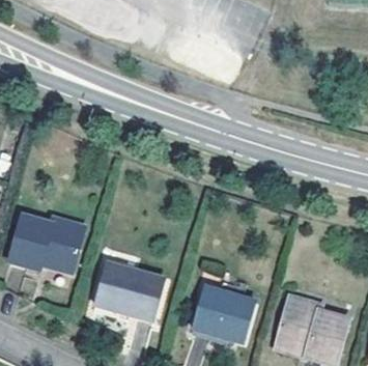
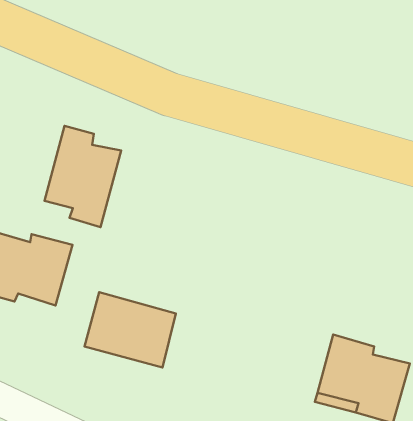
building: none -> [44,126,121,227]
building: [191,285,256,343] -> none

